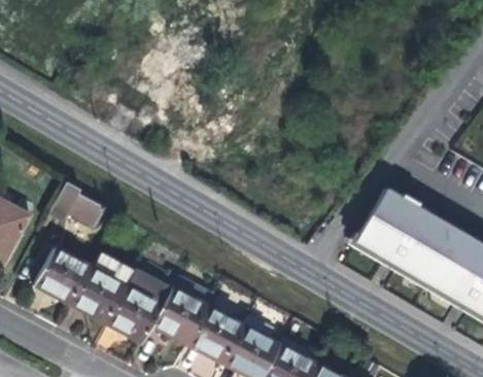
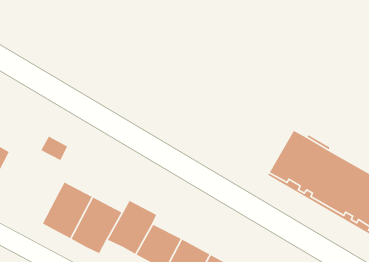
building: [33,246,90,304] -> none

